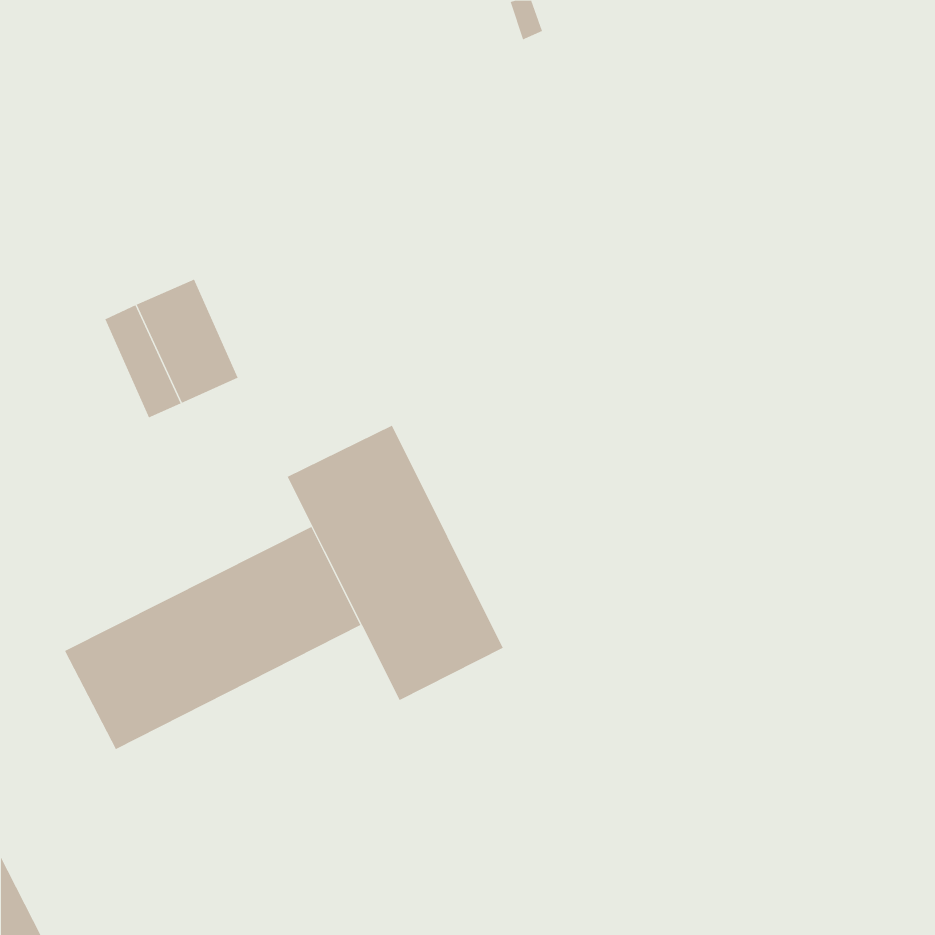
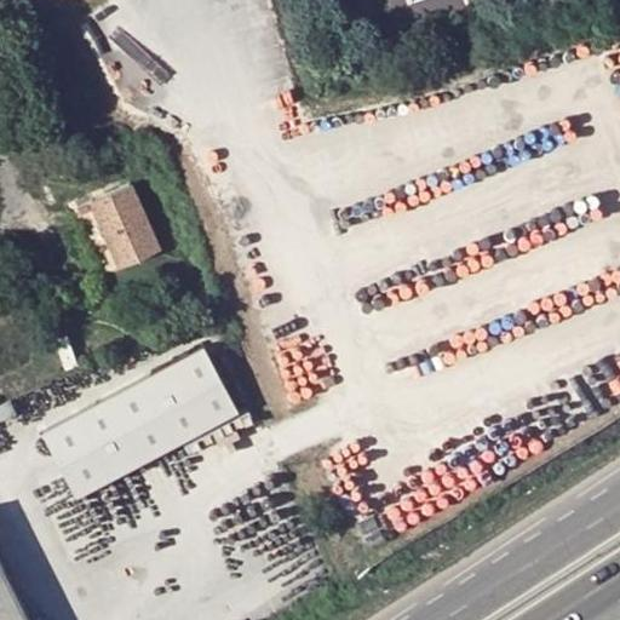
building: [287,425,504,701] -> none

